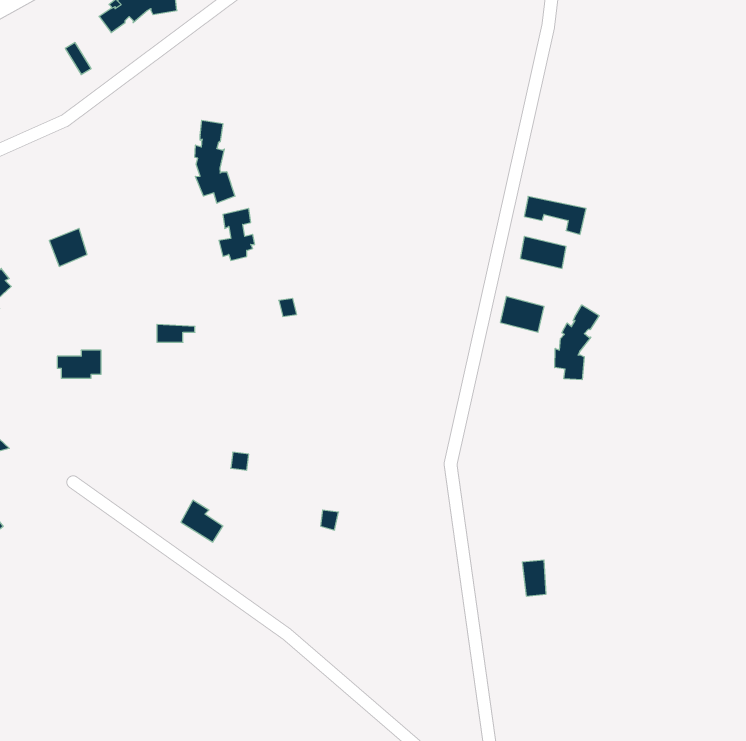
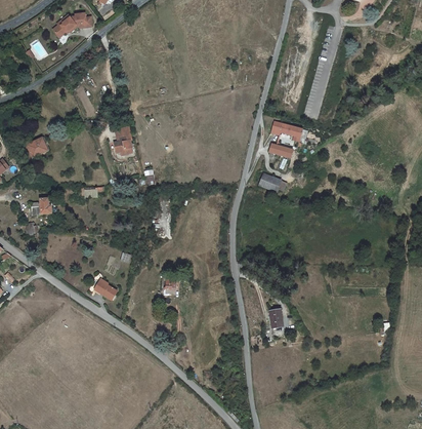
building: [195,120,235,203] -> none
building: [555,305,599,380] -> none

